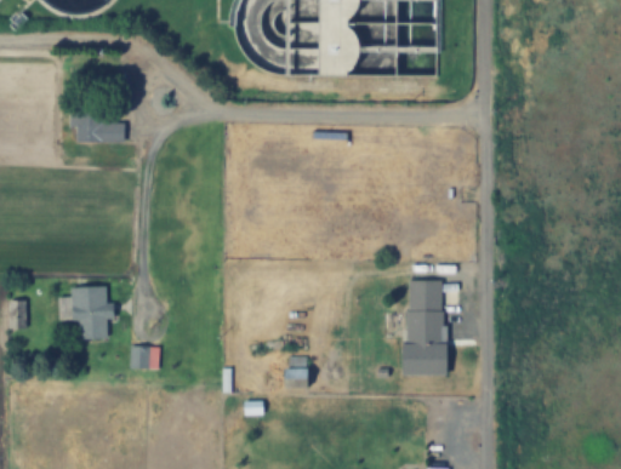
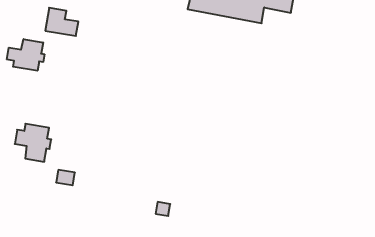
building: none -> [7,39,44,71]
building: [403,279,443,374] -> none

